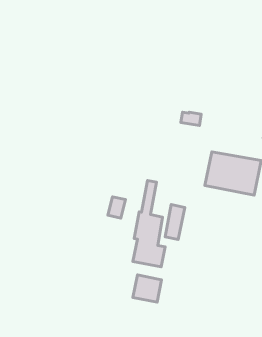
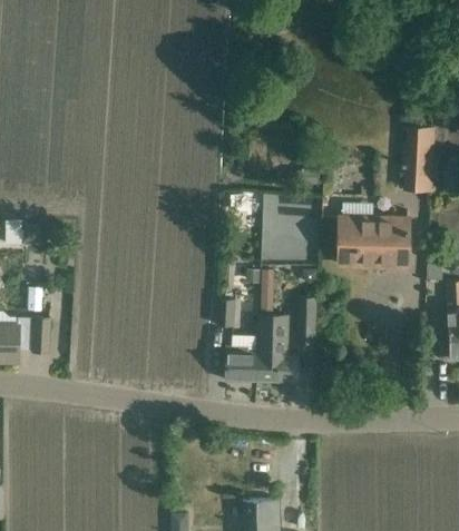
building: none -> [260,198,314,257]
building: [133,275,162,302] -> [225,348,260,381]

